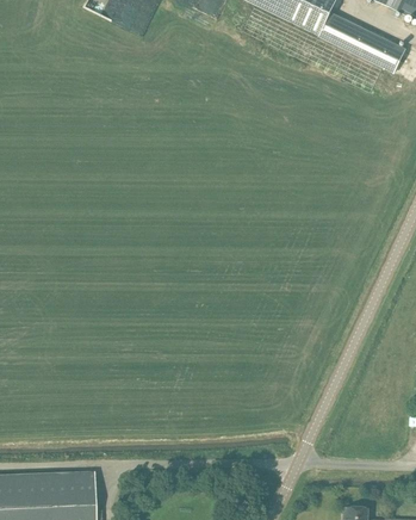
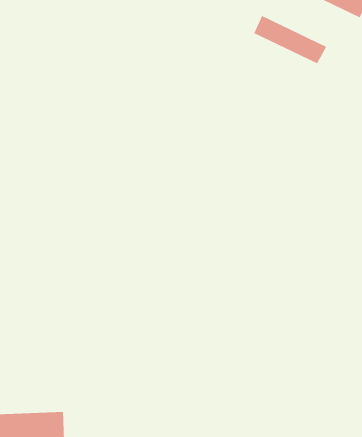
building: none -> [253,15,327,64]

